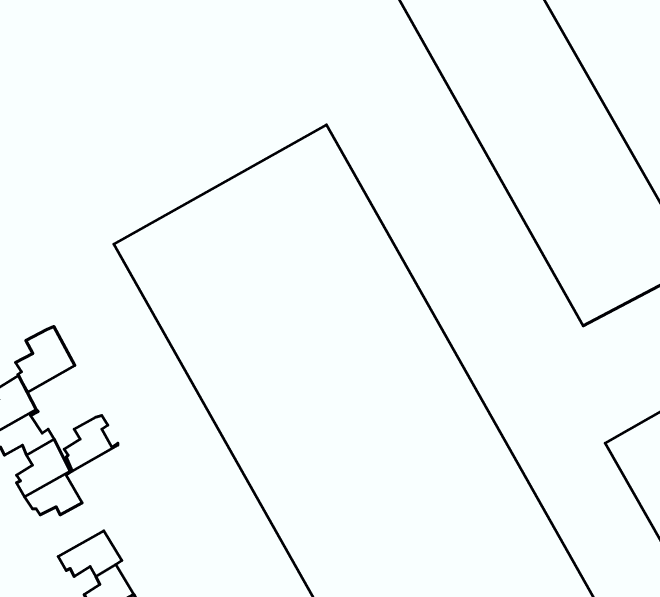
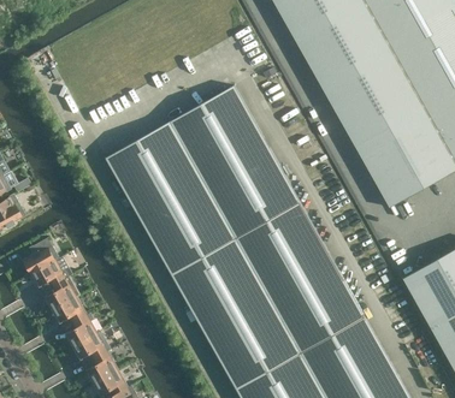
building: [16,326,75,392] -> none
building: [64,415,118,471] -> [66,314,99,347]

